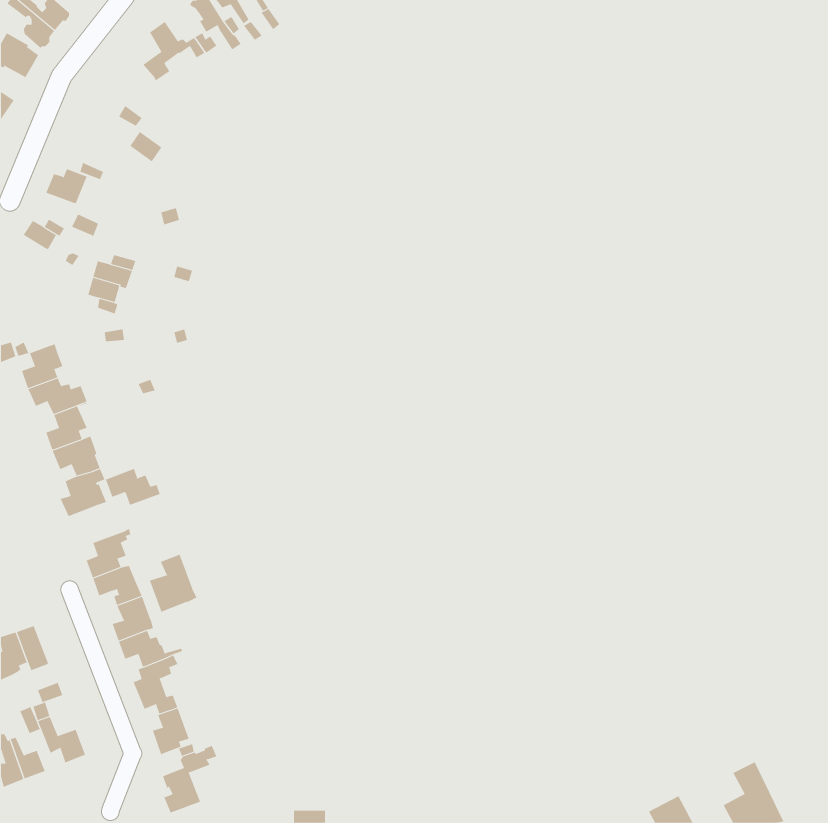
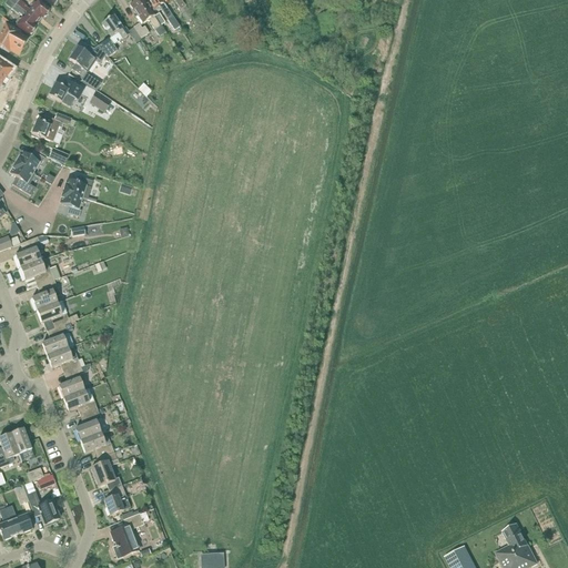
building: none -> [69,43,105,71]
building: none -> [49,78,80,105]
building: none -> [9,161,36,194]
building: [105,468,160,505] -> [47,346,84,372]
building: [149,554,197,612] -> none

